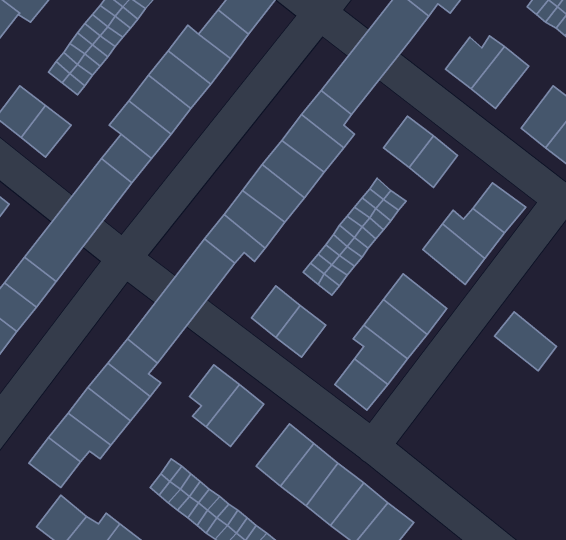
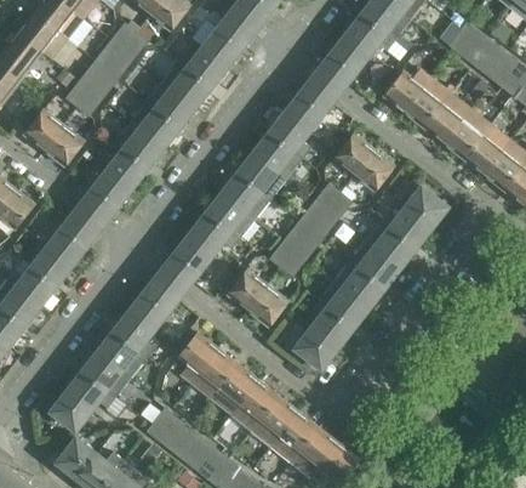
building: none -> [423,93,469,143]
building: [494,312,556,371] -> [349,240,399,288]
building: none -> [211,364,258,414]

